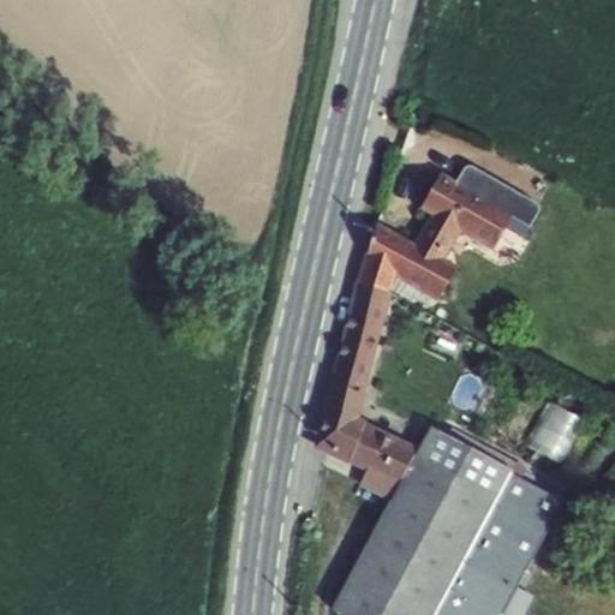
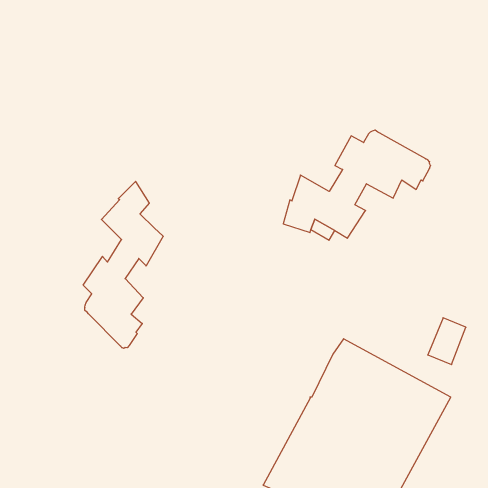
building: none -> [83,181,163,348]
building: [315,282,418,501] -> none

